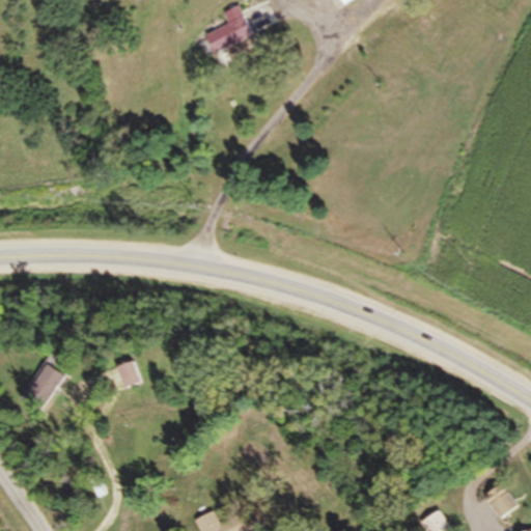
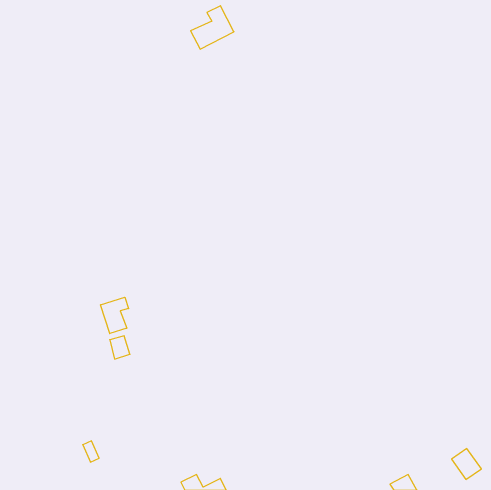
building: none -> [101,297,129,334]
building: [19,365,60,410] -> none

